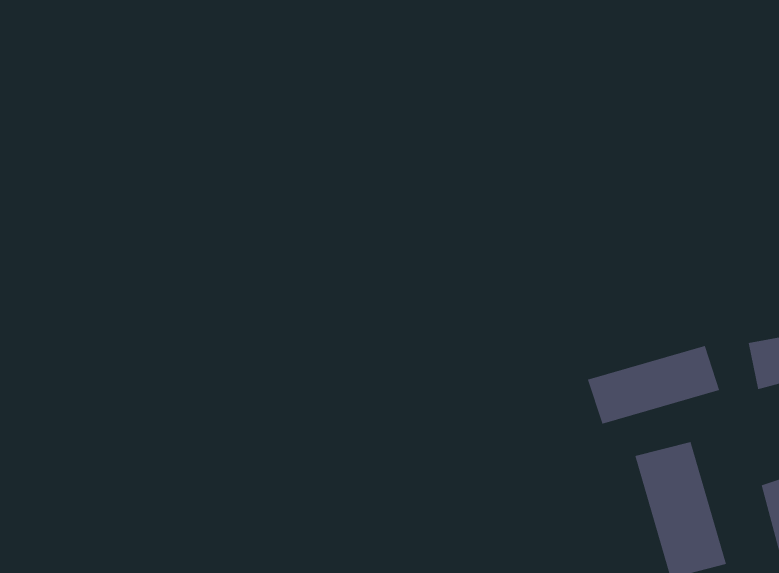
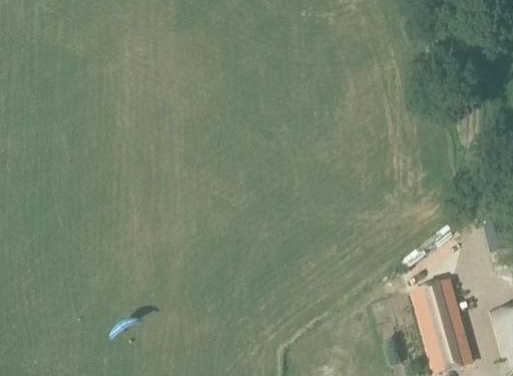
building: [587,345,720,424] -> none

